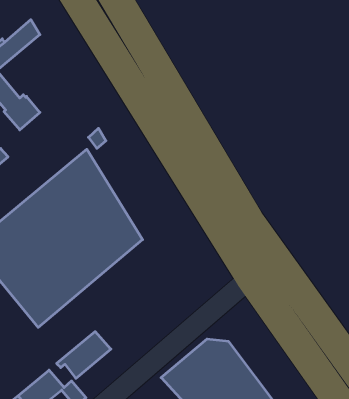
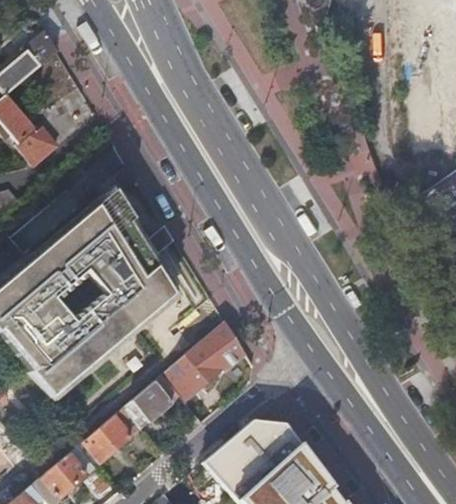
building: none -> [170,321,246,400]
building: none -> [123,374,172,428]

